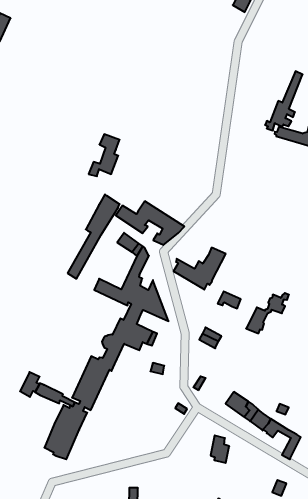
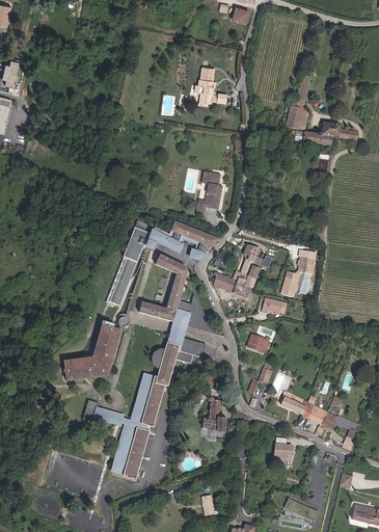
building: none -> [192,68,225,106]
building: [89,134,120,176] -> [196,171,222,213]
building: none -> [63,321,121,379]
building: [246,293,289,333] -> [280,254,317,296]
building: none -> [205,397,226,434]

